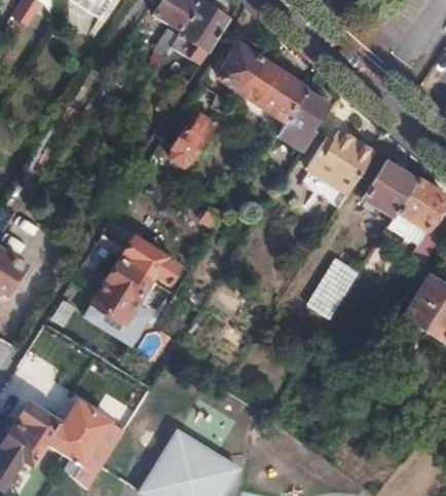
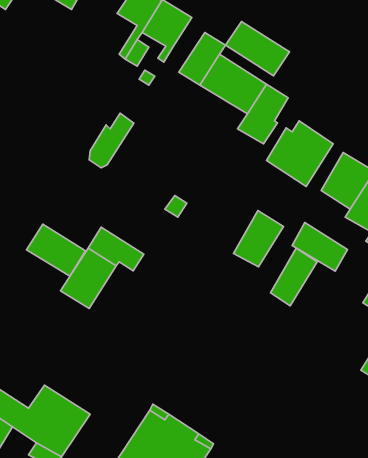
building: none -> [226,21,289,76]
building: [168,111,214,167] -> [89,113,134,168]
building: none -> [233,211,284,267]
building: none -> [292,223,347,271]
building: none -> [27,224,85,276]

